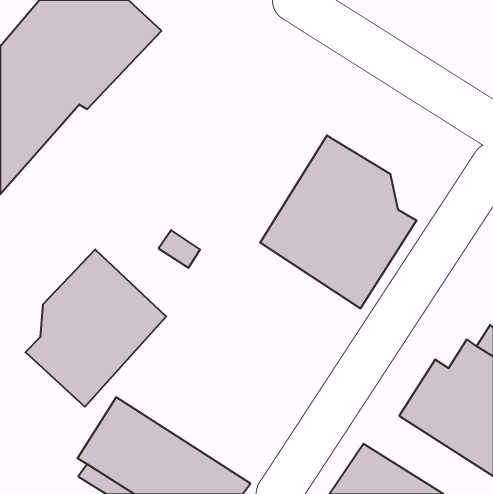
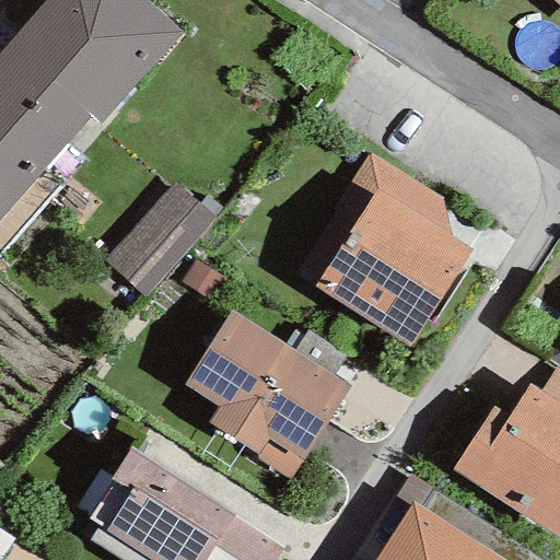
building: none -> [104,183,215,296]
building: [25,249,166,407] -> none
building: none -> [183,310,351,480]

